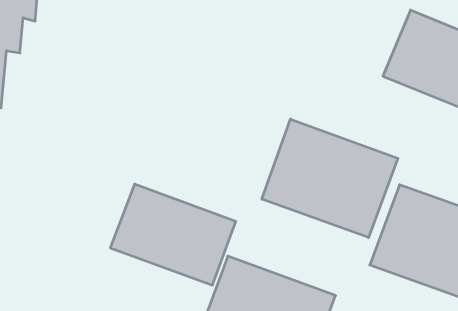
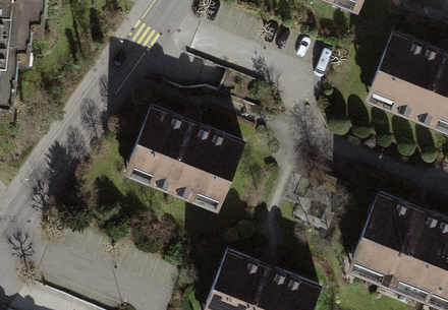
building: [262,119,398,238] -> none
building: [110,184,236,285] -> [124,114,240,207]

